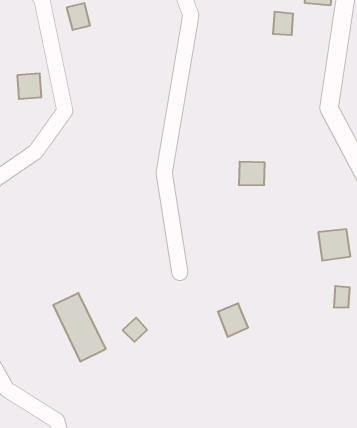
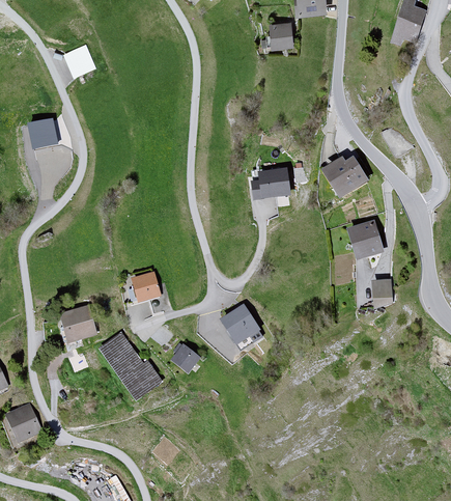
building: none -> [322,163,365,199]
building: none -> [133,272,158,299]
building: none -> [60,304,95,337]
building: [218,303,248,337] -> [222,303,254,337]

